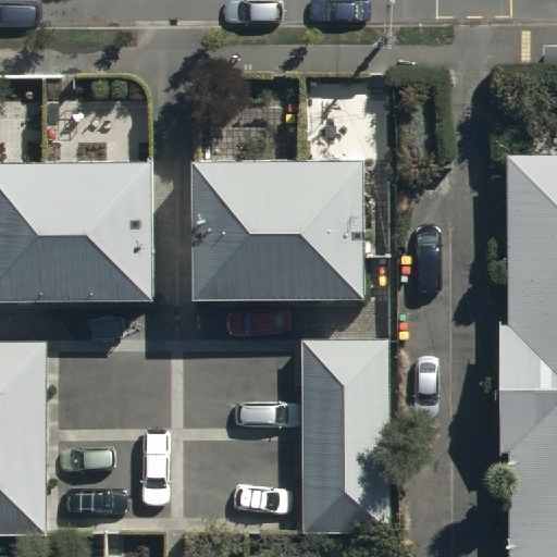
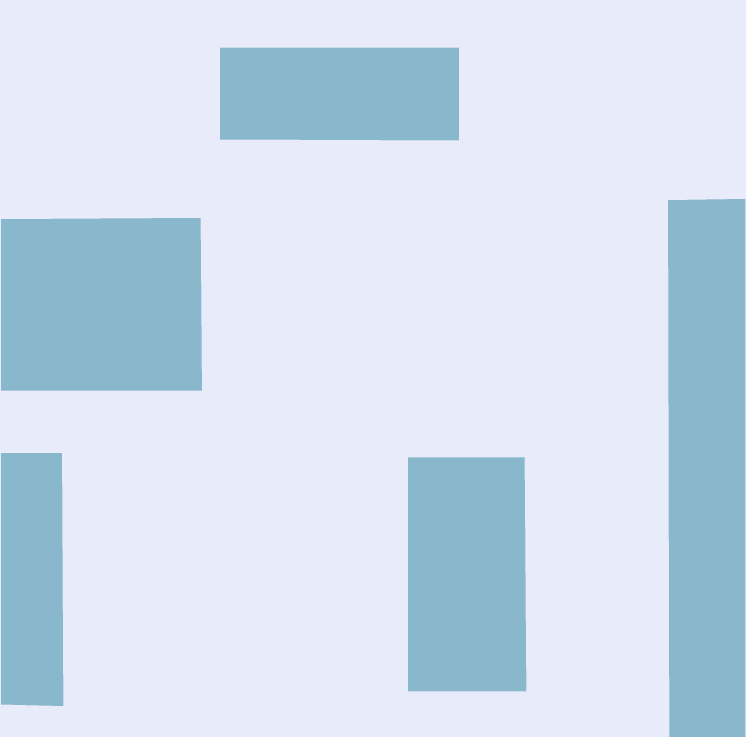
building: none -> [219,47,460,141]
building: [194,163,369,293] -> none

